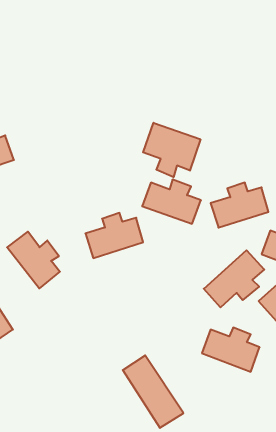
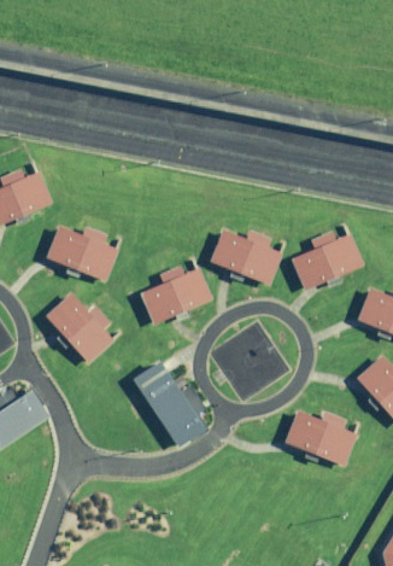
building: [143,123,200,177] -> none
building: none -> [46,227,118,280]
building: [204,250,264,307] -> none
building: [123,355,183,428] -> [135,358,210,448]

